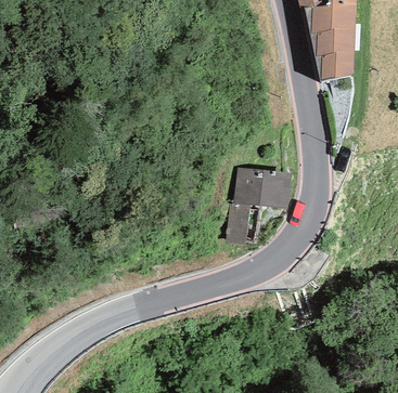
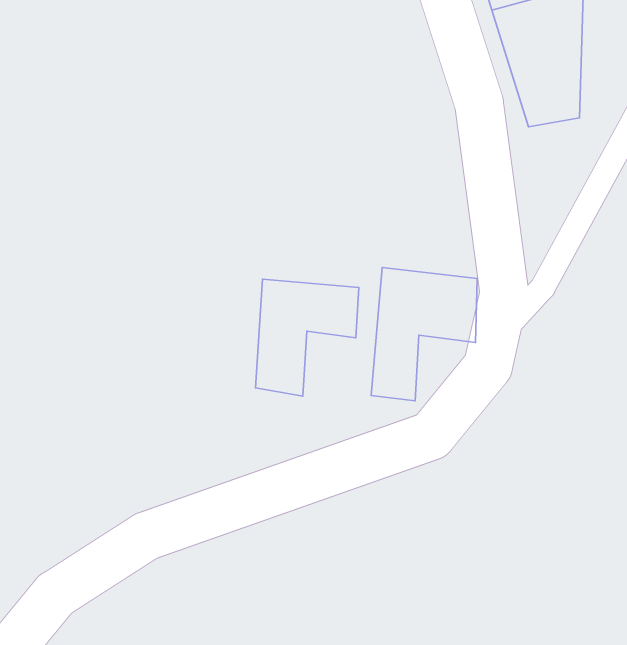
building: none -> [255,279,359,396]

